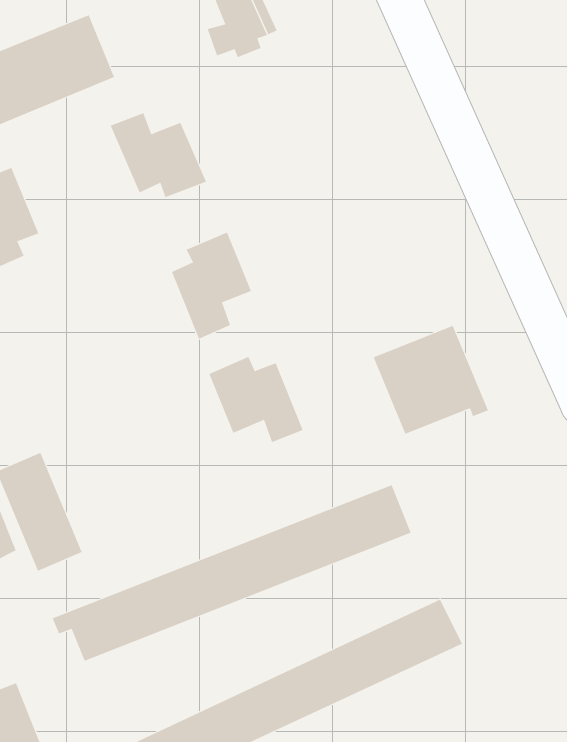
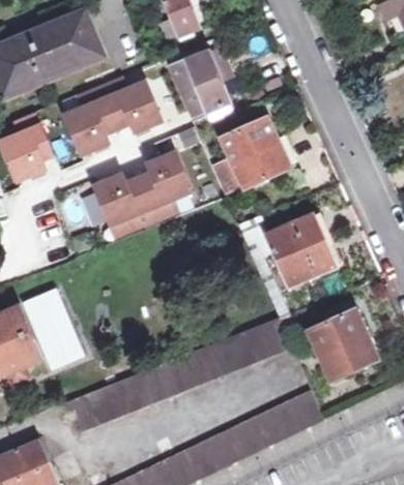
building: none -> [167,52,229,120]
building: none -> [64,86,116,154]
building: none -> [221,119,293,187]
building: [209,356,304,443] -> [93,176,154,232]
building: none -> [308,312,379,382]

